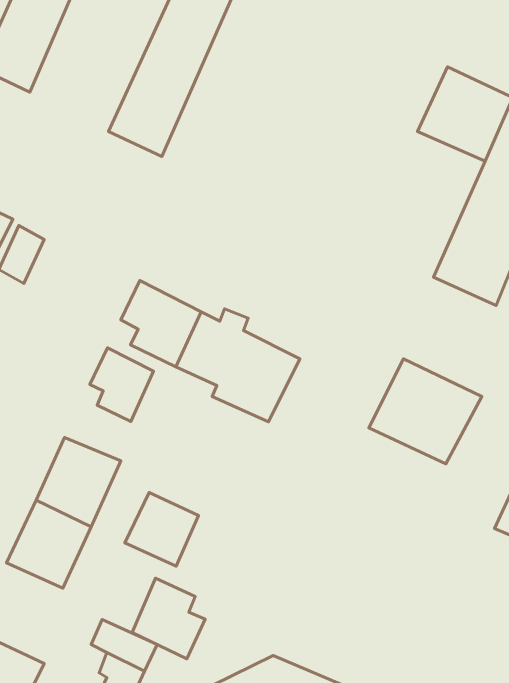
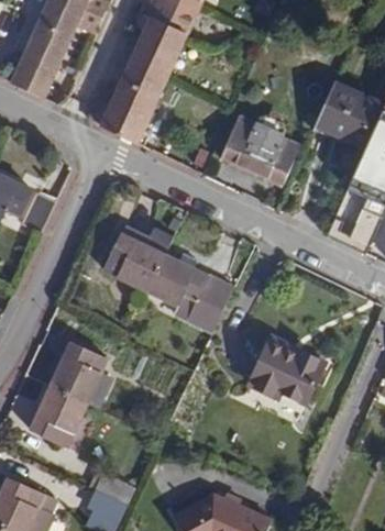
building: none -> [221,110,300,187]
building: [90,348,153,422] -> none
building: [369,359,482,464] -> [248,336,327,410]
building: [125,492,198,566] -> none
building: [132,578,205,659] -> none

